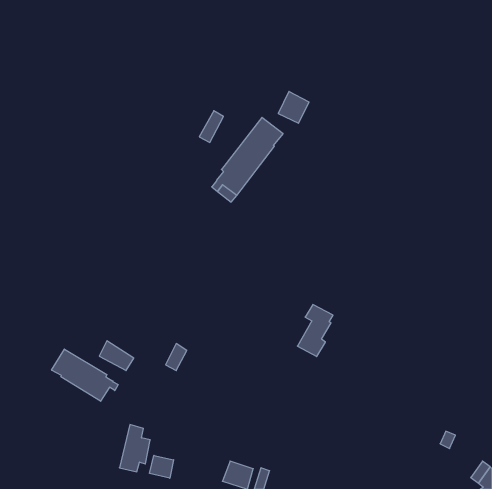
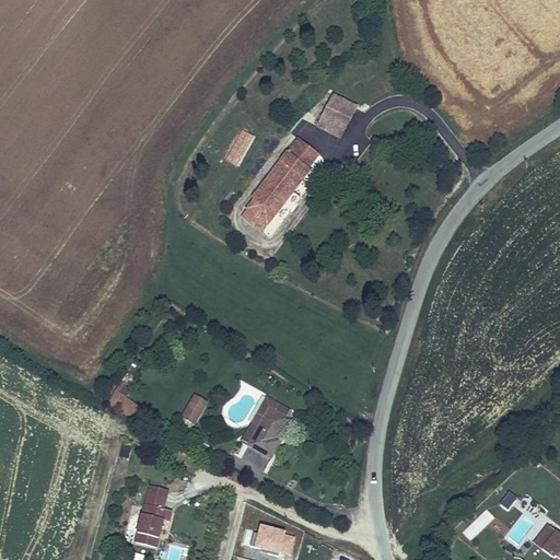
building: [297,305,333,357] -> [246,392,287,451]
building: [52,349,118,401] -> none
building: [150,455,174,478] -> none

